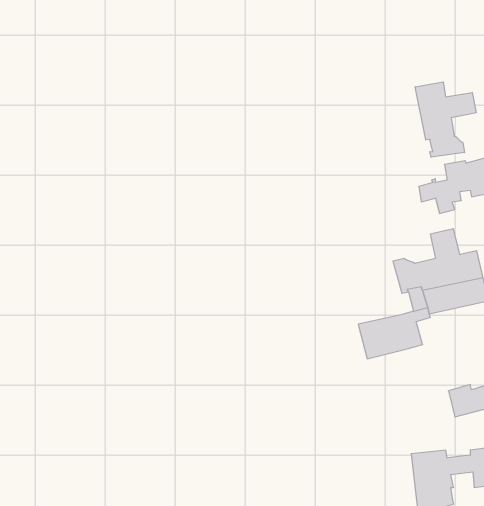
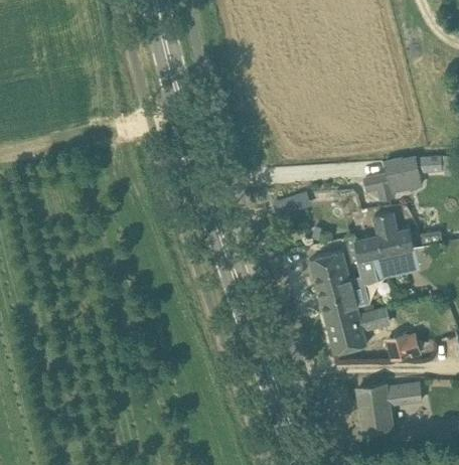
building: [415,82,476,157] -> none
building: none -> [309,252,348,287]
building: none -> [323,306,388,353]

